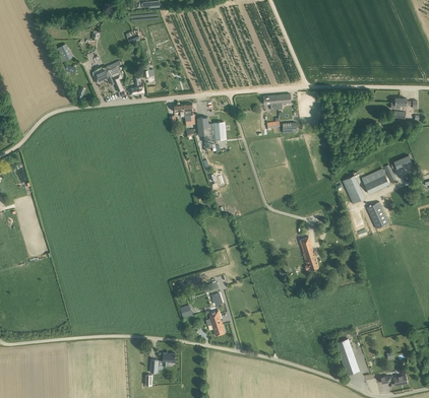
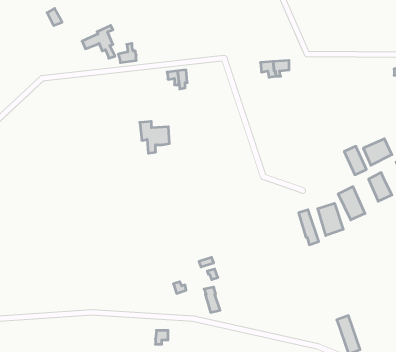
building: [196,117,225,147] -> [140,121,169,153]
building: none -> [338,187,365,220]
building: none -> [318,203,343,236]

